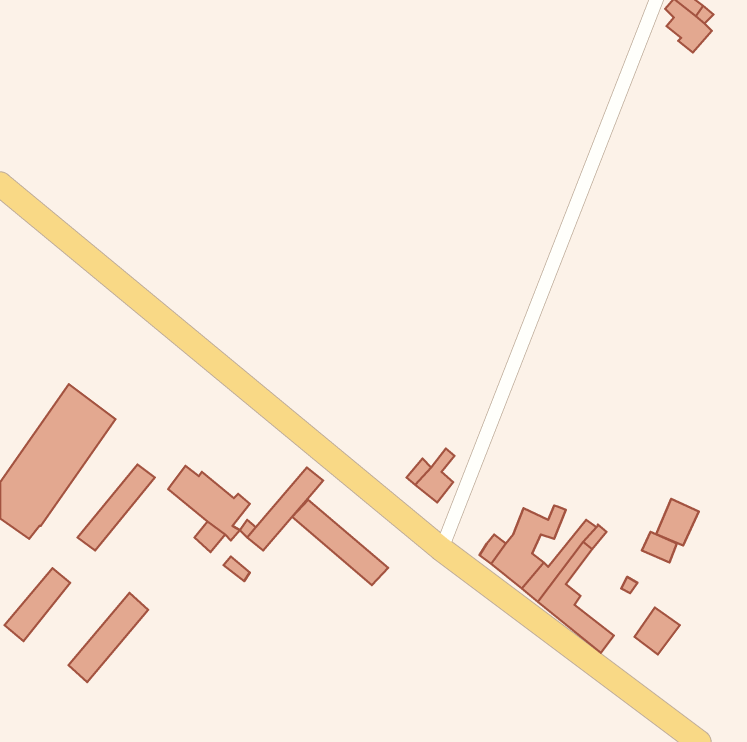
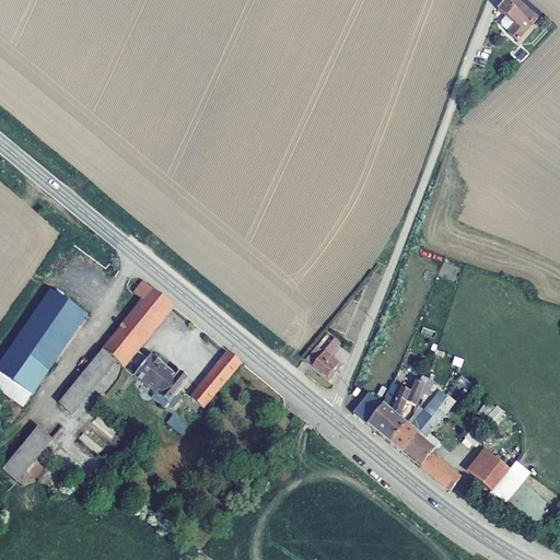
building: none -> [103,279,172,366]
building: [656,499,699,546] -> none
building: [292,500,388,585] -> none
building: [68,593,148,682] -> none

